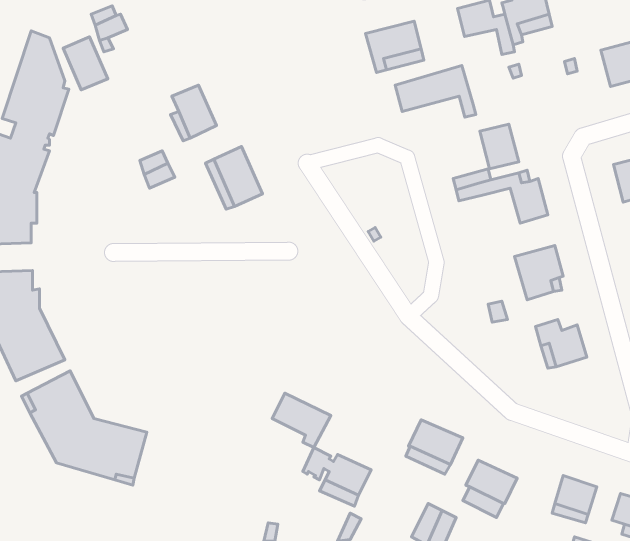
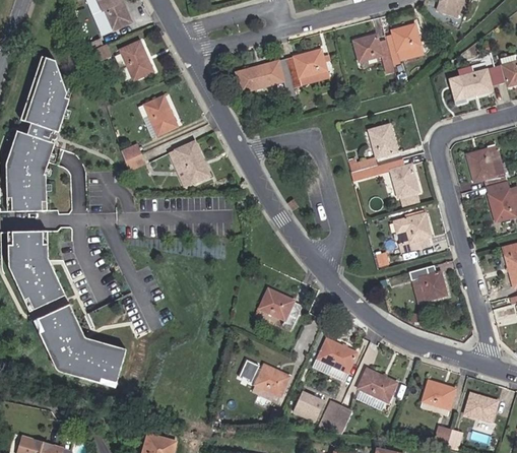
building: [63,37,108,90] -> [121,41,153,79]
building: [395,66,476,117] -> [237,58,296,95]
building: [272,393,331,448] -> [260,288,303,328]
building: none -> [294,392,325,422]

